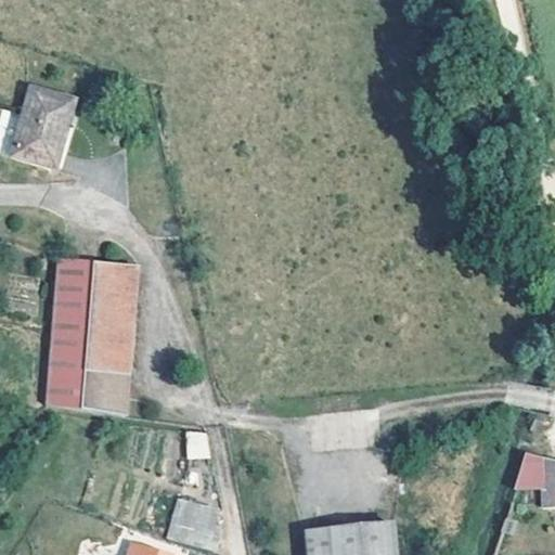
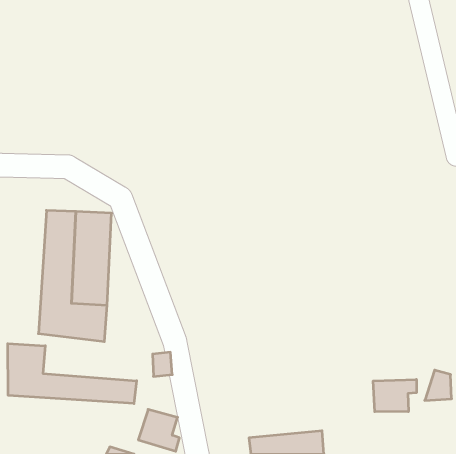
building: [16,96,74,175] -> none
building: none -> [8,344,137,404]
building: none -> [373,379,416,412]

